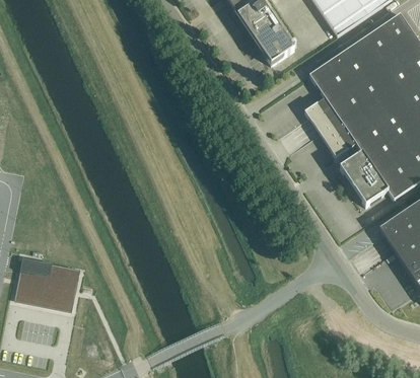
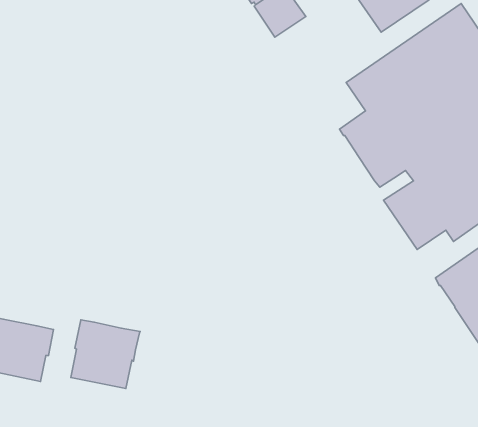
building: [254,22,295,64] -> none
building: none -> [71,320,140,389]

